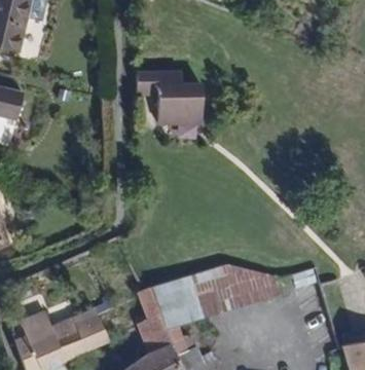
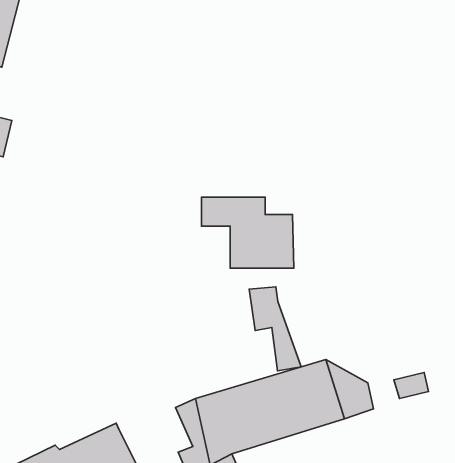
building: [133,66,198,116] -> [201,197,294,268]
building: none -> [249,287,301,371]

